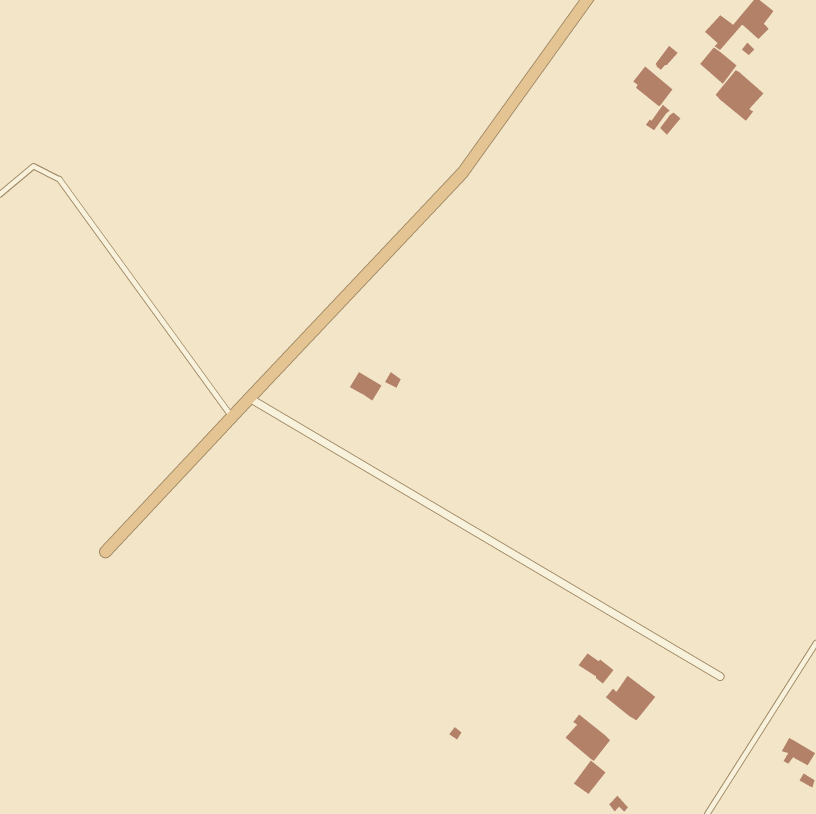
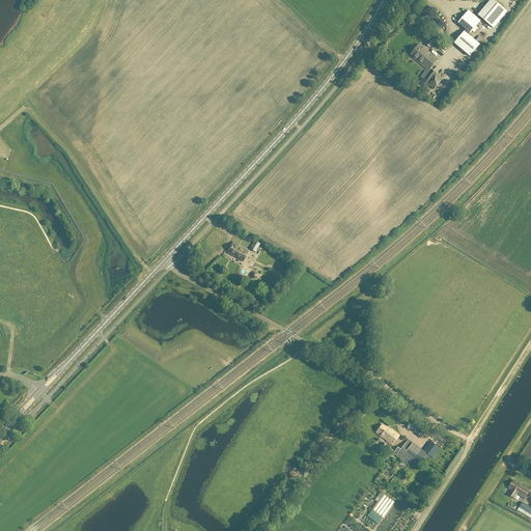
building: [715,69,765,122] -> none
building: [564,713,611,762] -> none

